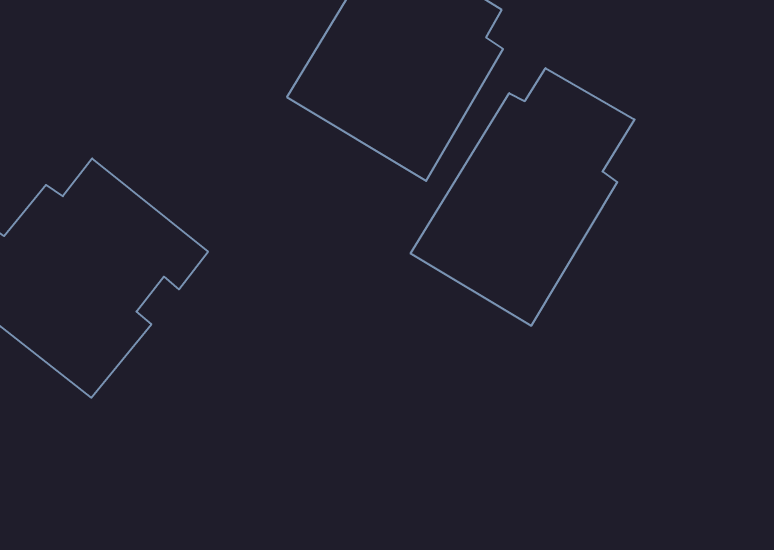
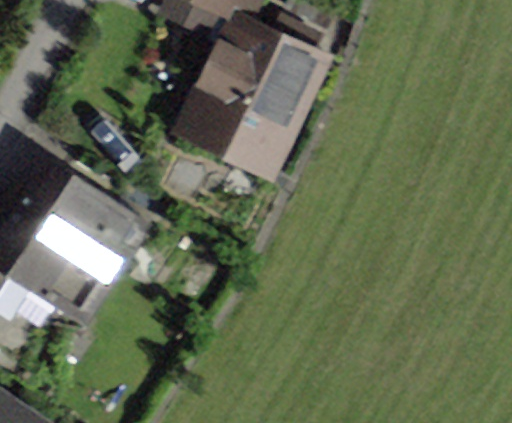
building: [411,68,635,326] -> none

